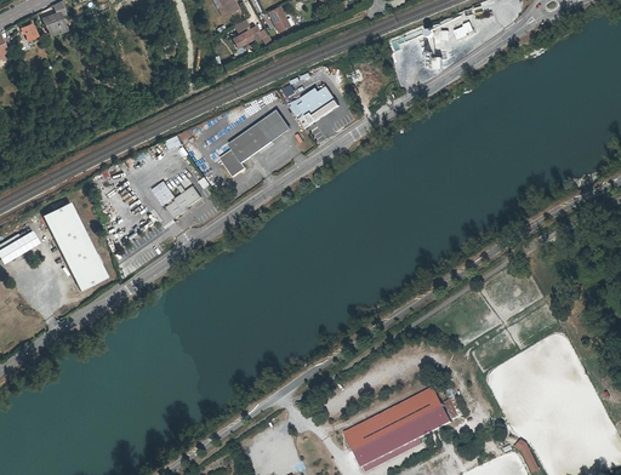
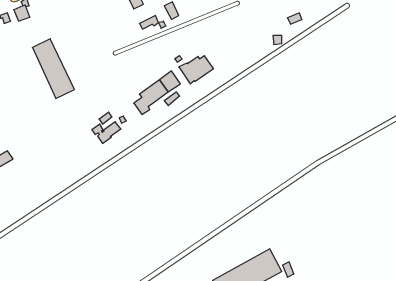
building: [44,202,107,292] -> [32,39,74,98]

